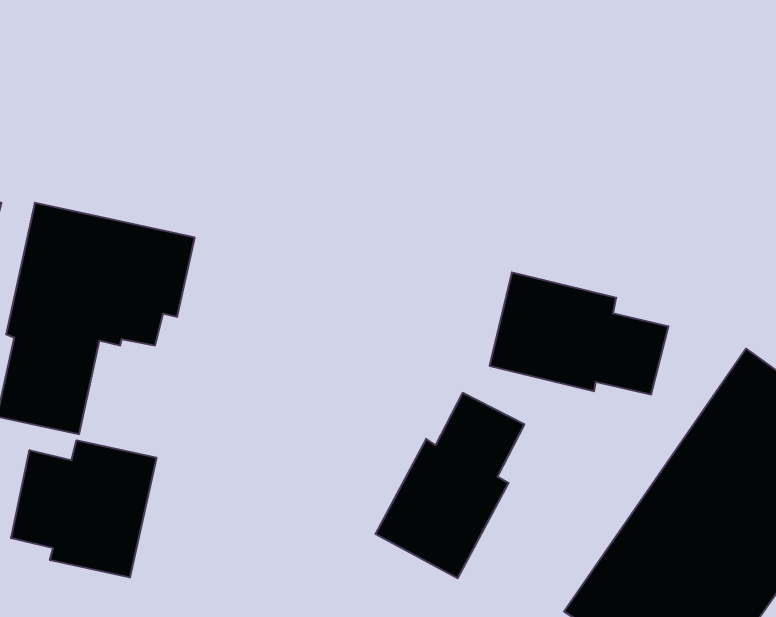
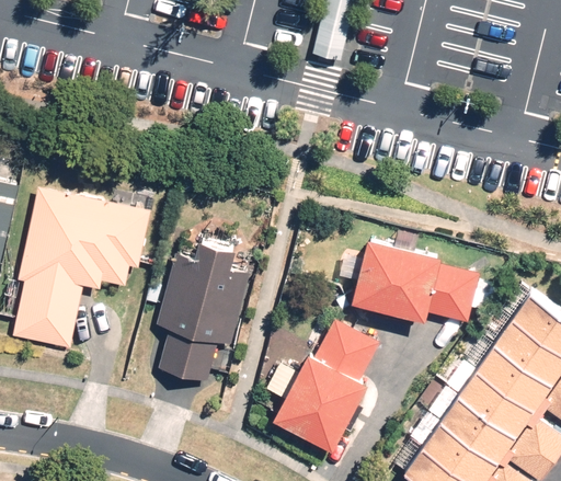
building: none -> [157,241,249,381]
building: [11,440,156,578] -> none

